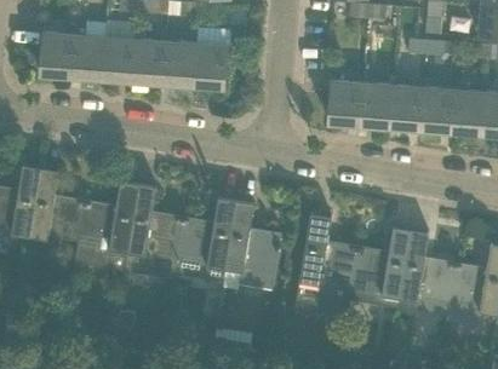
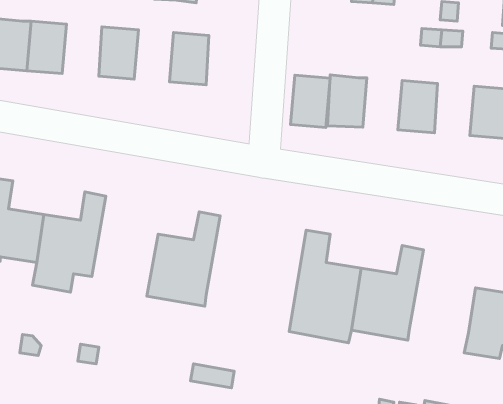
building: [101,35,134,80] -> none
building: [162,40,196,85] -> none
building: [359,81,393,126] -> [291,75,330,127]
building: [420,86,454,131] -> none
building: [122,183,183,276] -> none
building: [224,200,281,286] -> none
building: [399,229,456,300] -> none

